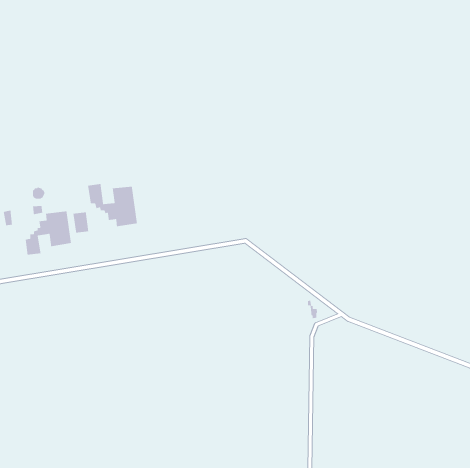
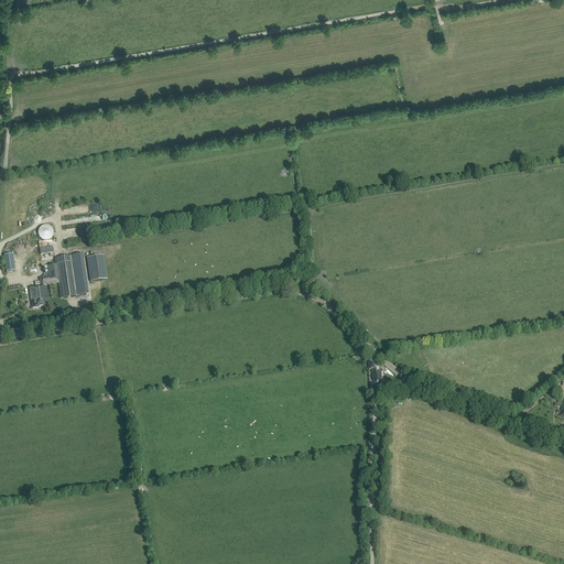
building: [87,183,138,227] -> none

